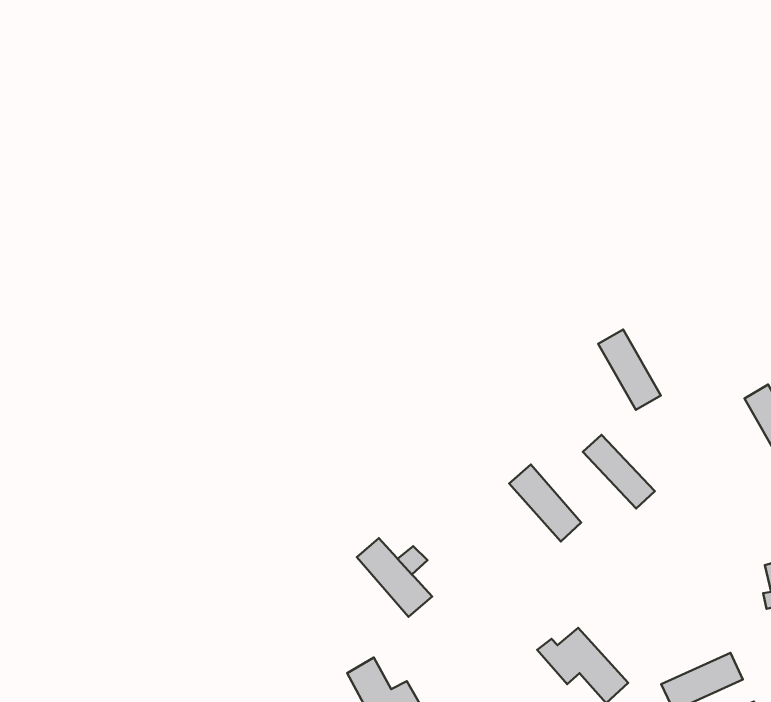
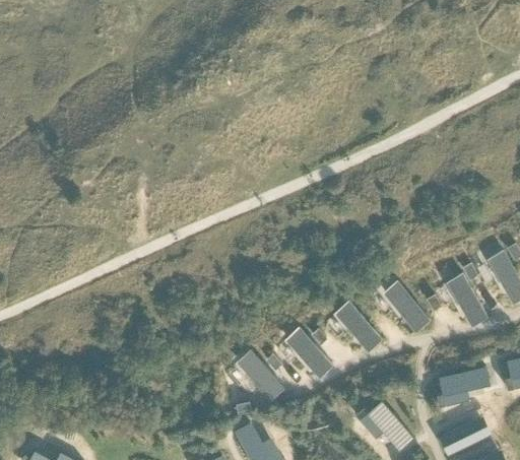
building: [598,330,661,410] -> [447,273,488,325]
building: none -> [286,327,334,377]
building: none -> [433,373,485,414]

